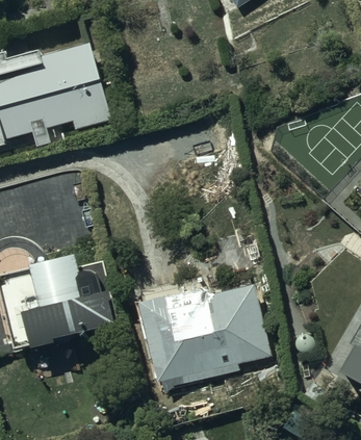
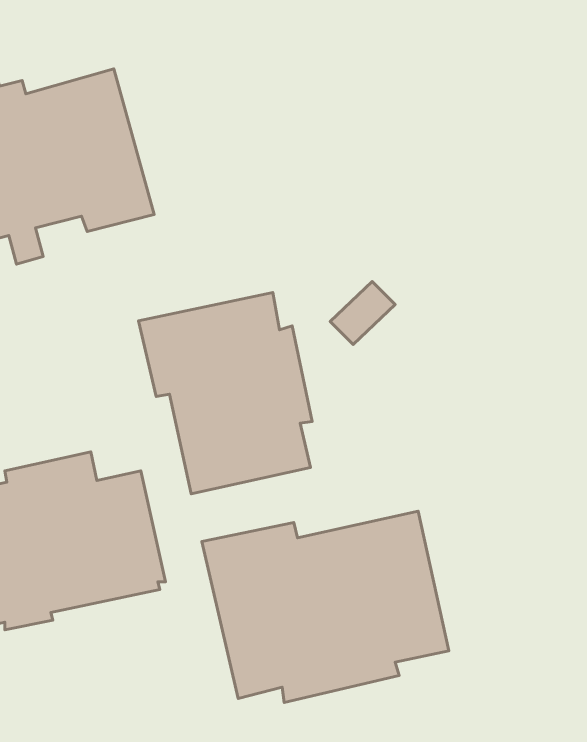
building: none -> [139,293,312,494]

